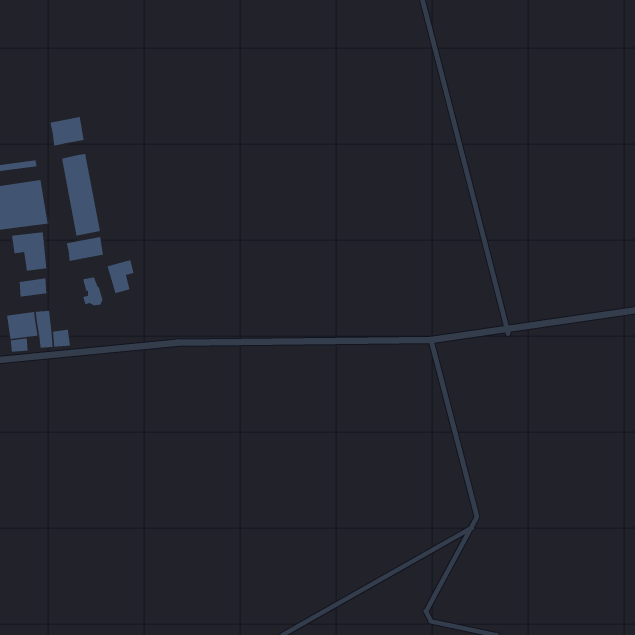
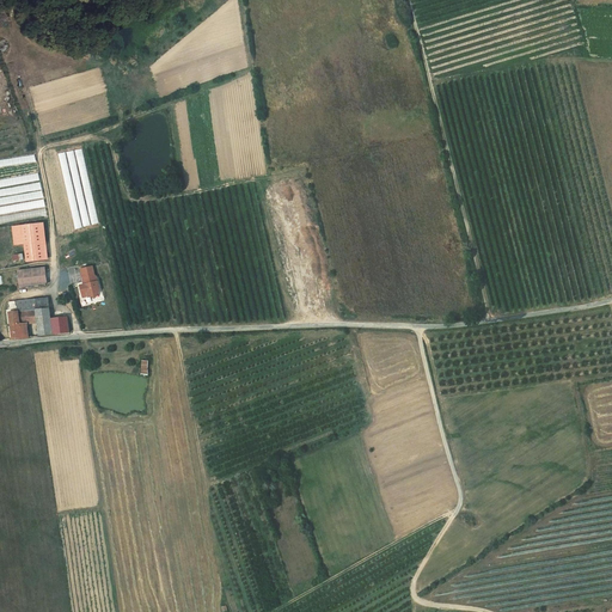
building: [50,116,85,146] -> none
building: [66,236,104,262] -> none
building: [107,259,134,294] -> none

